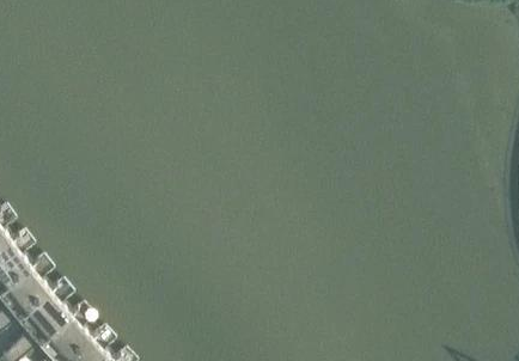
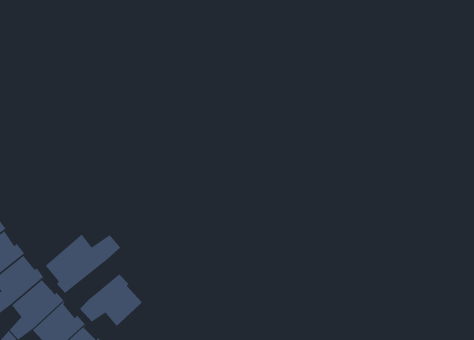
building: none -> [43,234,121,294]
building: none -> [79,273,144,327]

